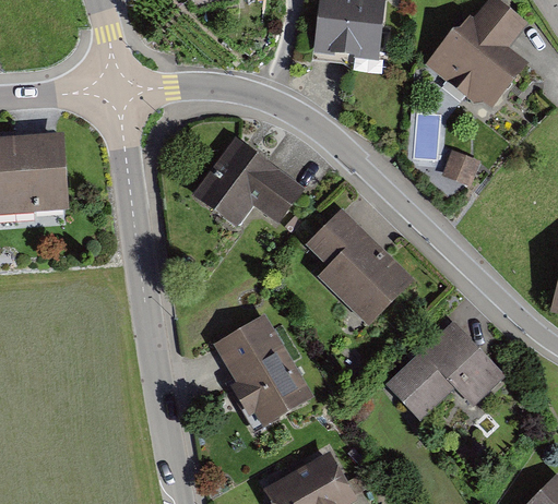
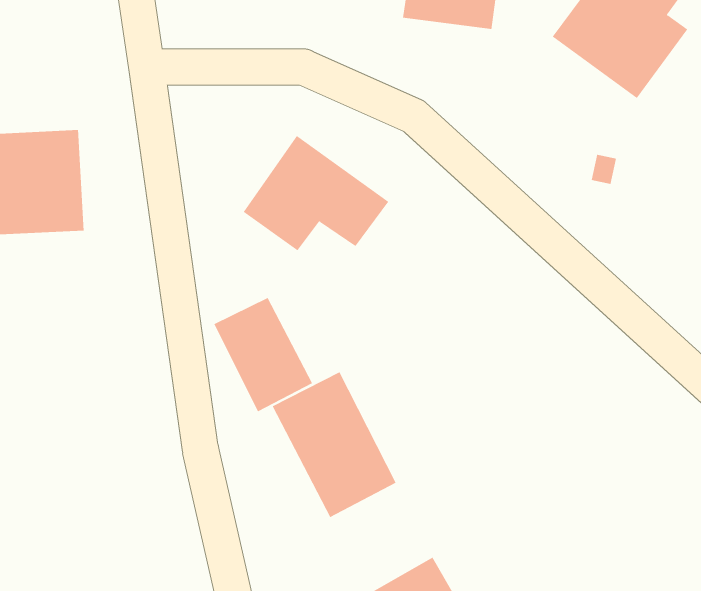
building: [305,206,415,325] -> none
building: none -> [213,297,313,412]
building: [385,322,507,419] -> none

